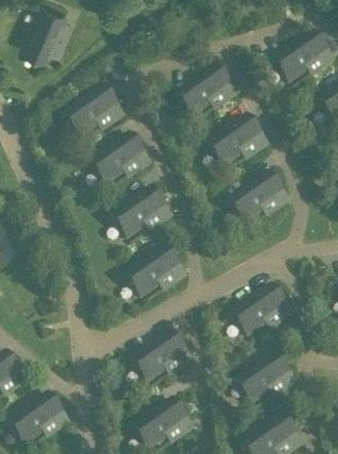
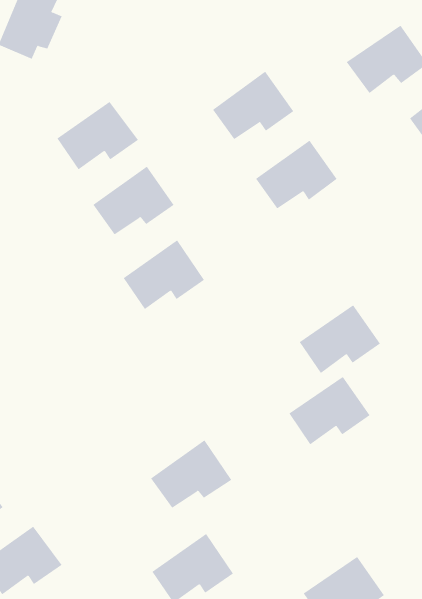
building: [230,172,289,222] -> [299,305,381,374]
building: [127,246,186,296] -> none
building: [237,353,296,403] -> none

